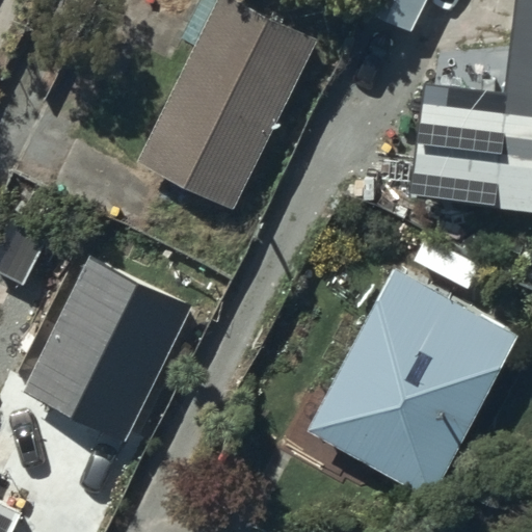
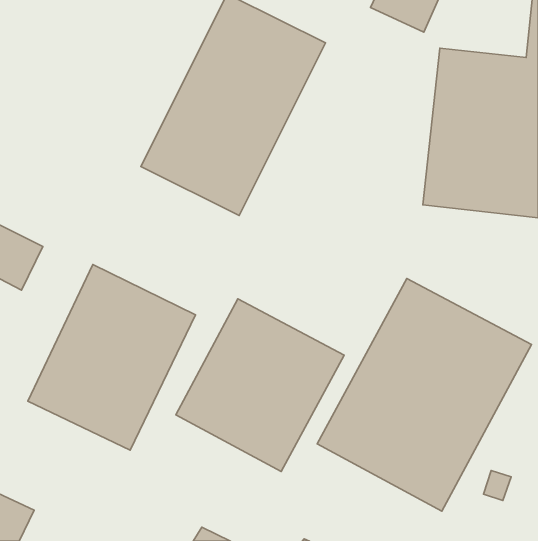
building: none -> [176,299,344,472]

